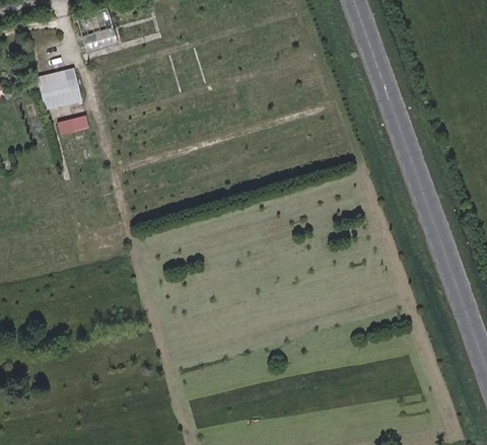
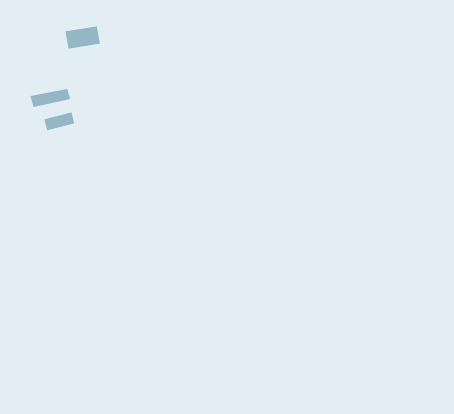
building: [39,69,79,97] -> none

